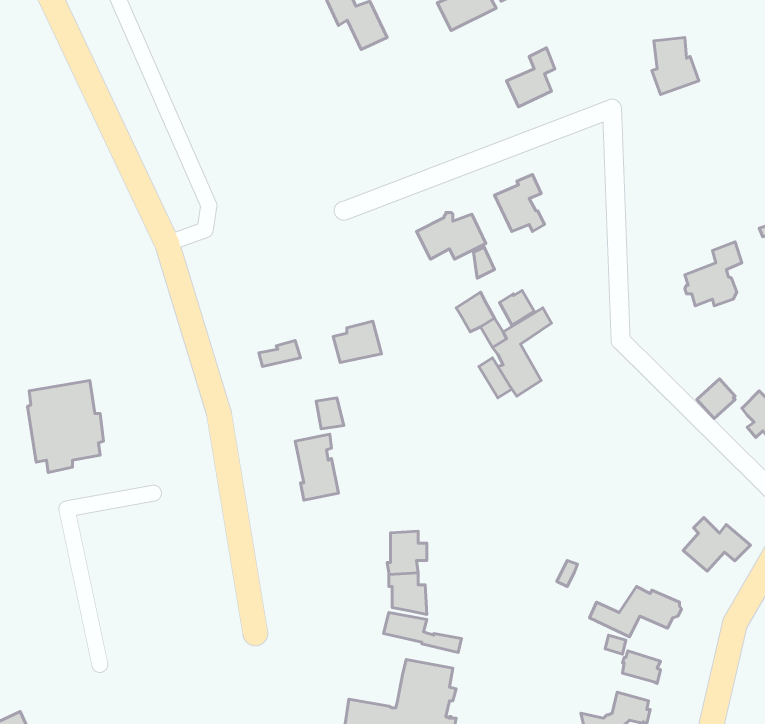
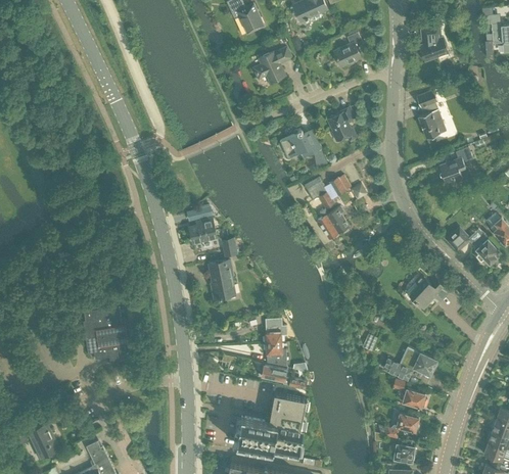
building: none -> [253,47,292,83]
building: none -> [417,91,446,139]
building: [333,321,382,363] -> [189,219,218,243]
building: [27,381,104,472] -> [83,306,128,361]
building: [683,517,751,571] -> [410,276,450,307]

